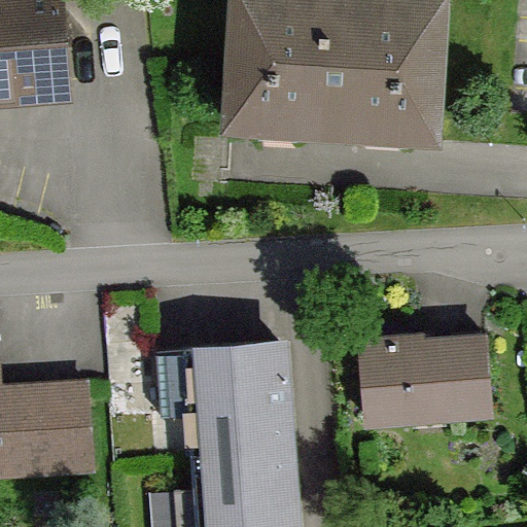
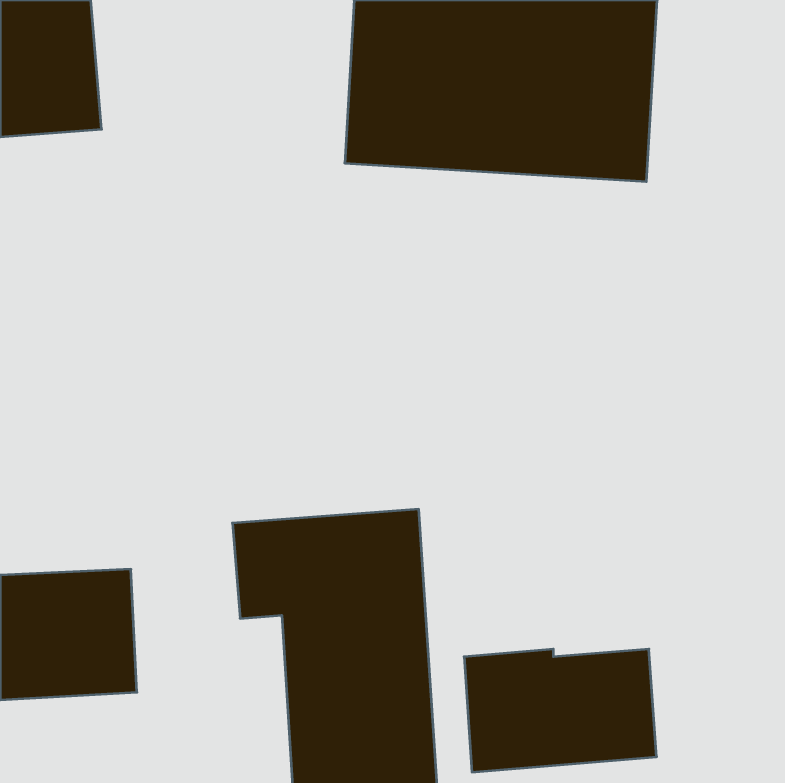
building: [363,336,492,418] -> [464,649,657,772]

